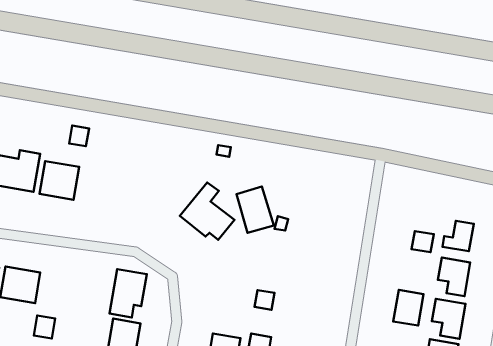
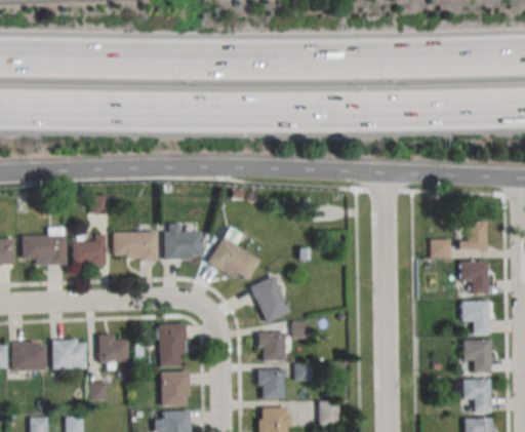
building: none -> [114,232,157,260]
building: none -> [164,229,202,260]
building: [237,186,274,233] -> [250,276,290,322]
building: none -> [98,336,130,365]
building: [393,290,423,326] -> none
building: none -> [259,332,285,361]

